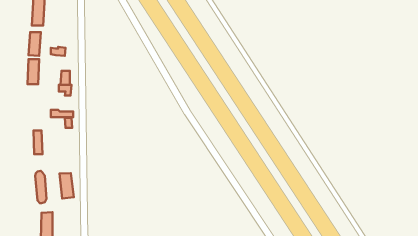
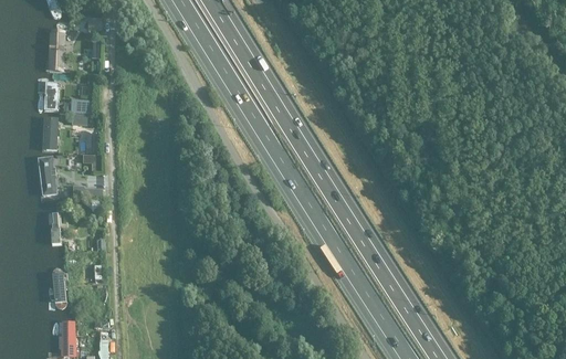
building: none -> [35,156,55,199]
building: [60,173,74,198] -> none

